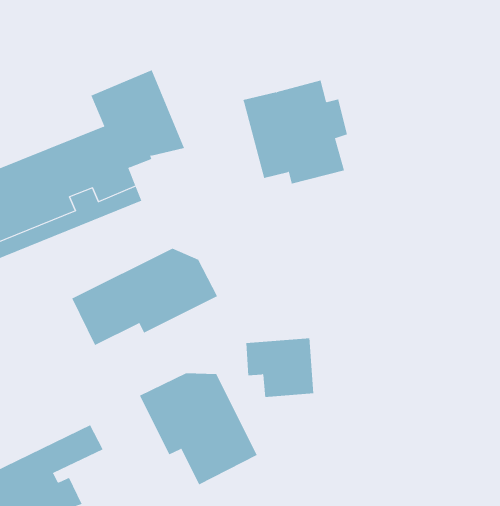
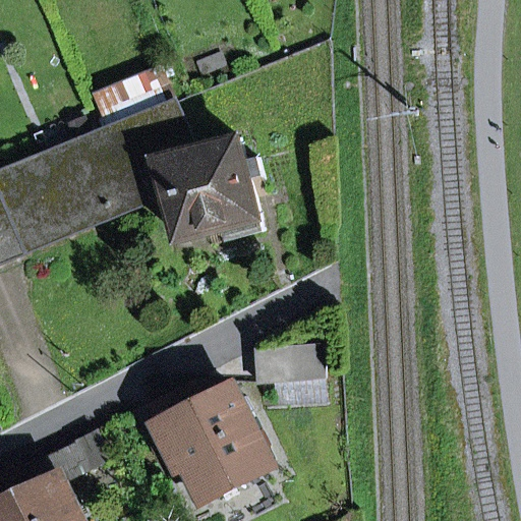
building: [242,80,348,184] -> [155,141,263,248]
building: [72,248,218,346] -> none

